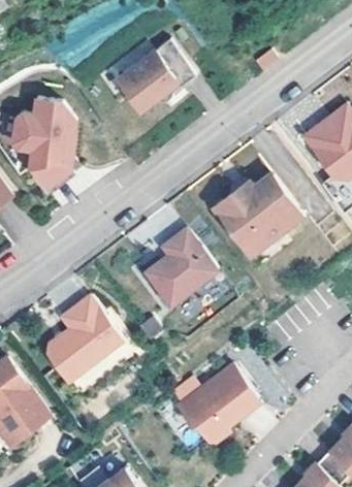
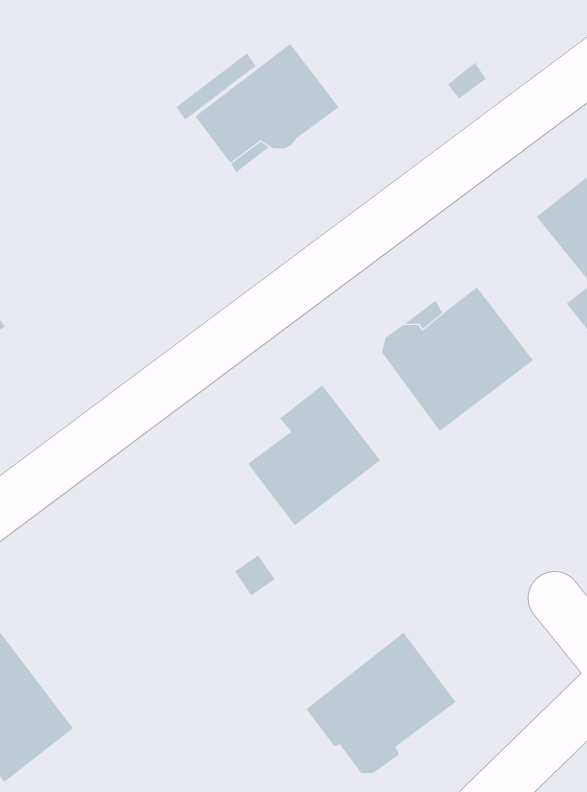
building: [13,99,74,189] -> none
building: [47,296,122,382] -> none

